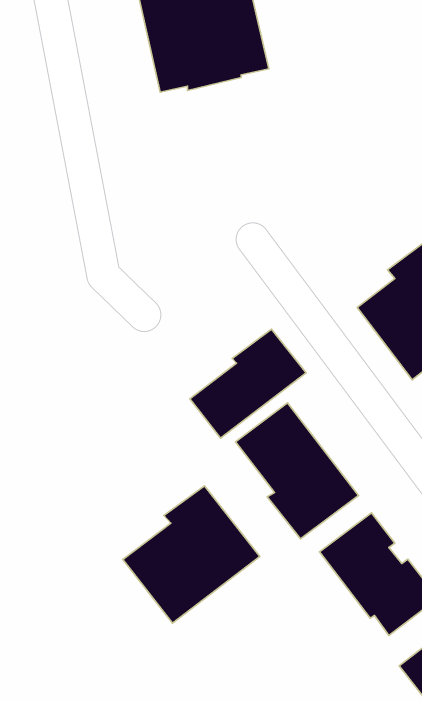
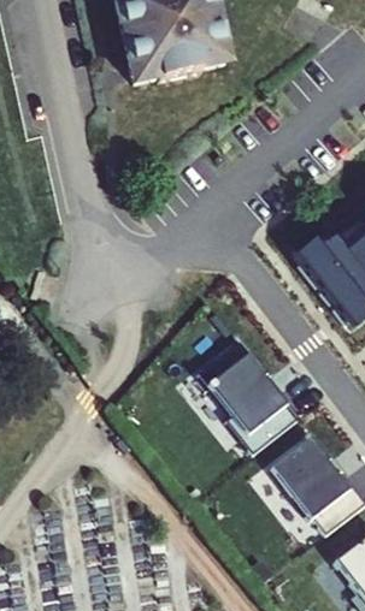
building: [190,329,306,438] -> none
building: [123,486,260,623] -> none

